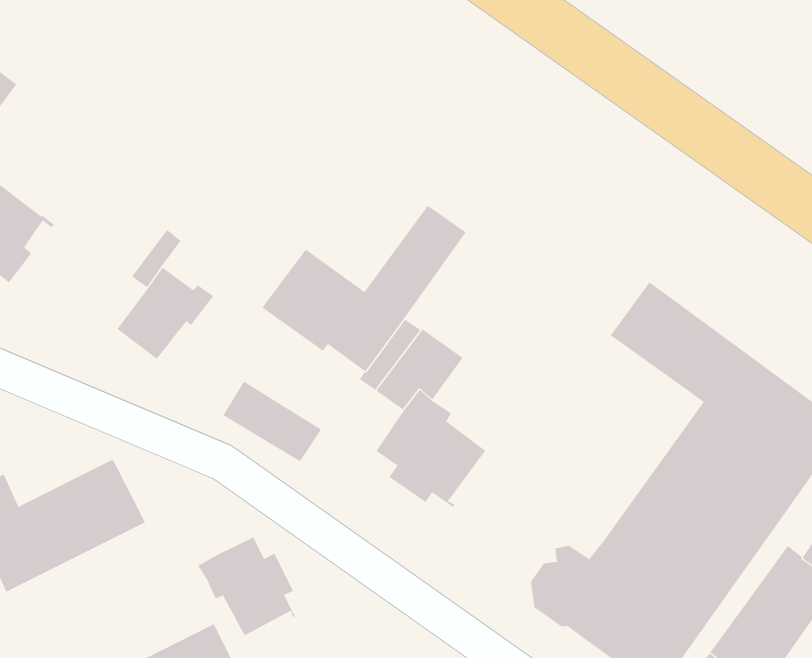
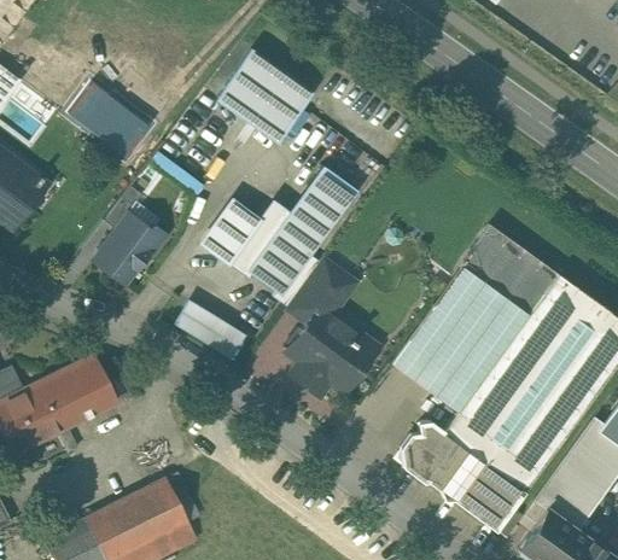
building: none -> [220,51,314,140]
building: none -> [71,84,151,157]
building: none -> [386,266,530,419]
building: [197,537,296,636] -> none

